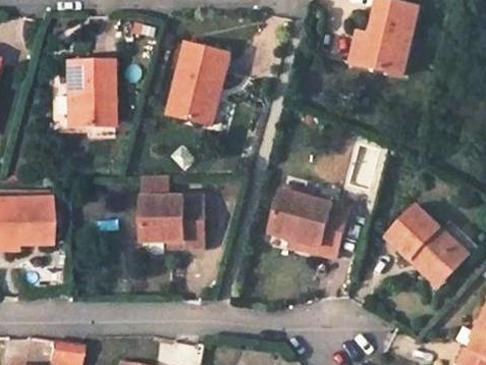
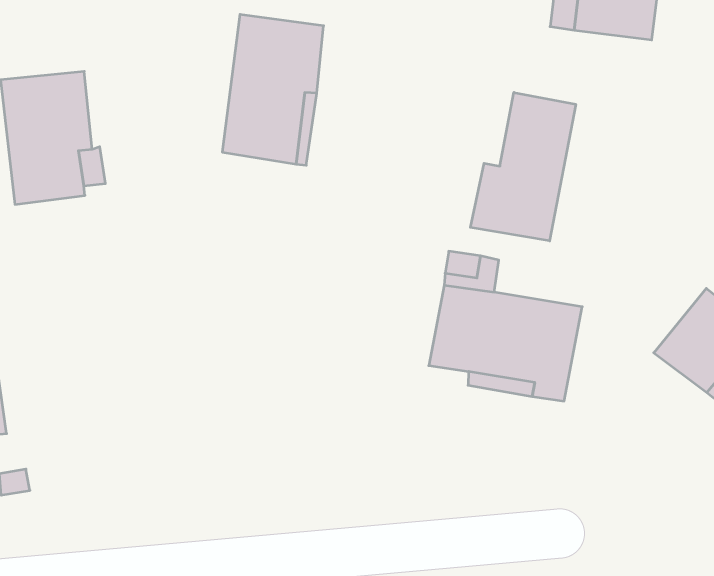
building: none -> [470,92,576,241]
building: [141,176,205,246] -> none

